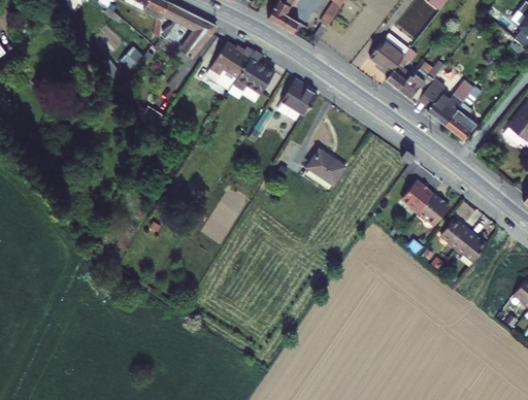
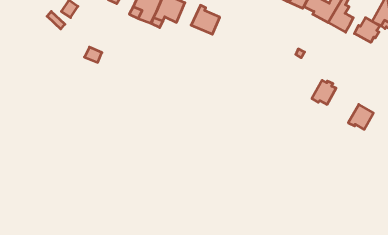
building: none -> [354,18,380,42]
building: [311,148,348,182] -> none
building: [397,179,429,213] -> none
building: [437,215,469,251] -> none

